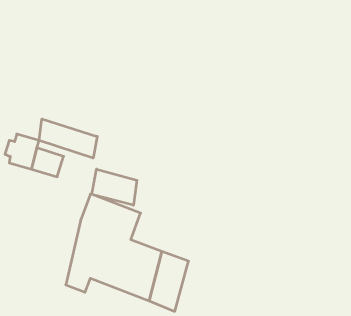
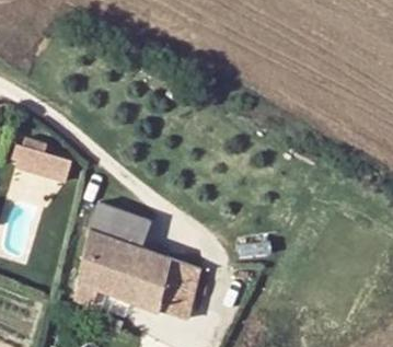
building: [39,119,97,158] -> none
building: [92,169,137,205] -> none

